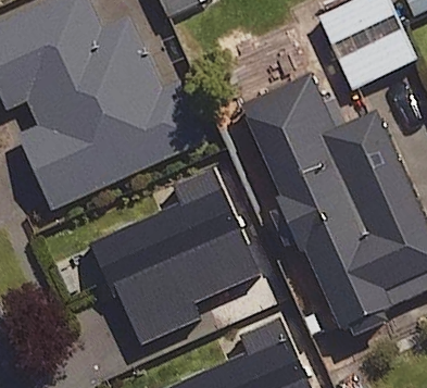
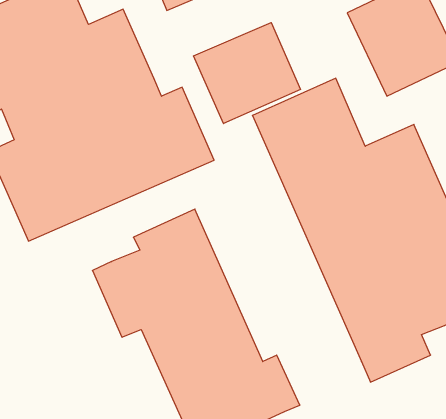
building: none -> [193,23,301,124]

